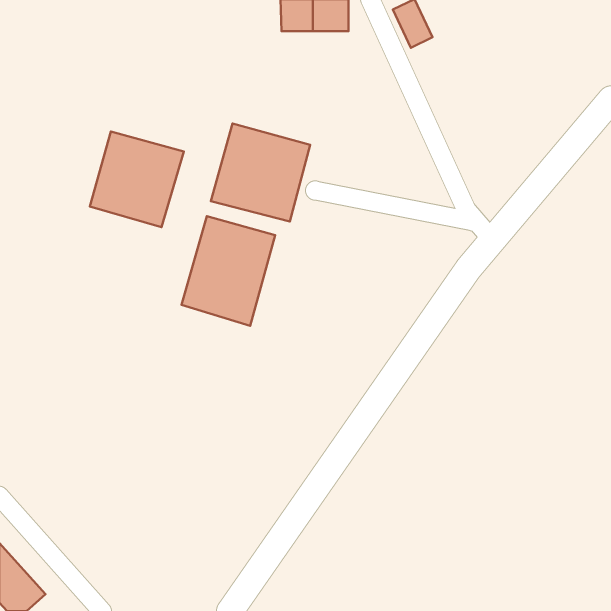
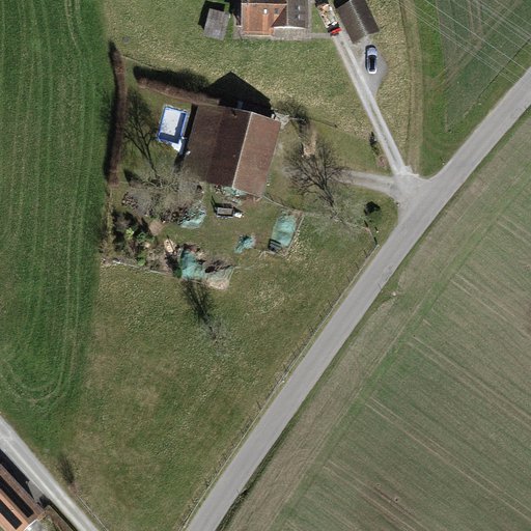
building: [90,131,184,227] -> none
building: [181,216,275,326] -> none

